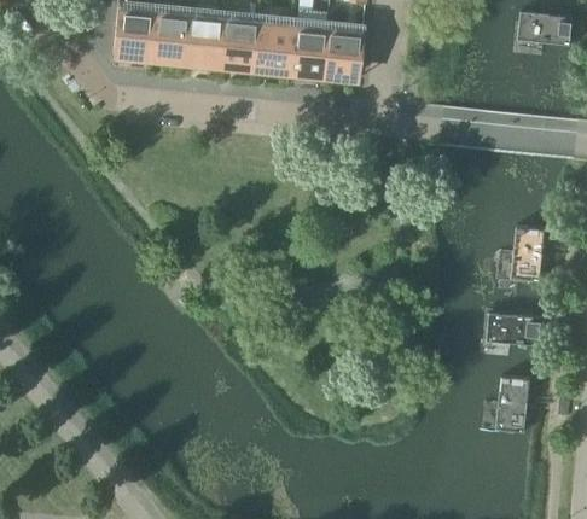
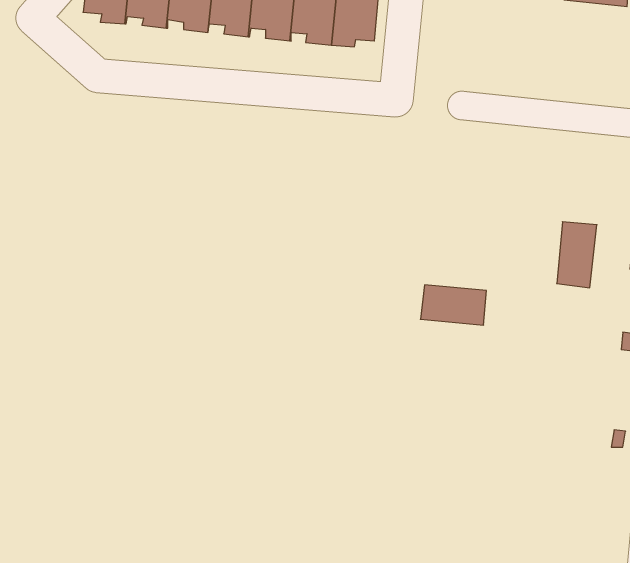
building: [486,311,541,345] -> [420,285,486,325]
building: [495,375,530,431] -> none

